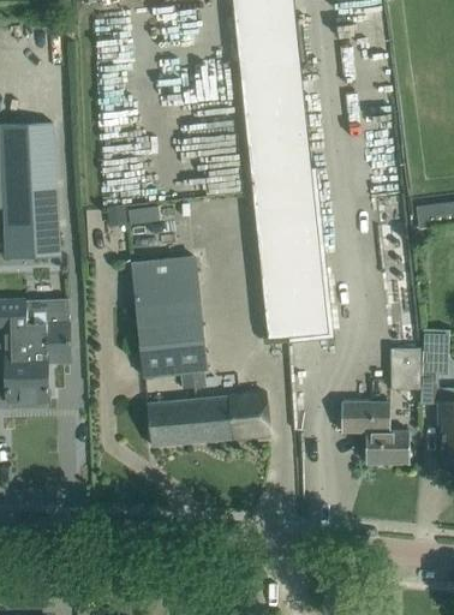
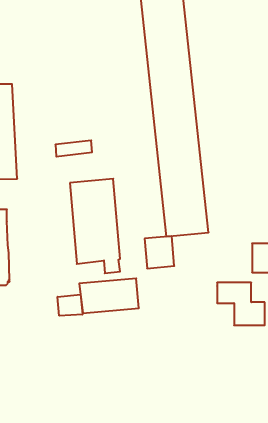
building: [44,299,70,360] -> none
building: [227,393,269,438] -> [145,236,174,268]
building: none -> [58,295,82,316]

